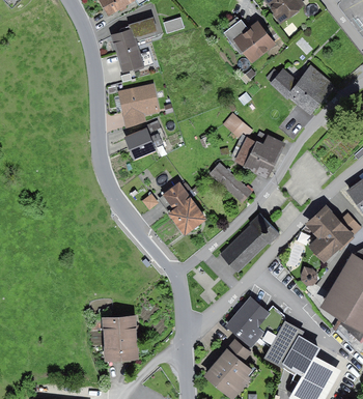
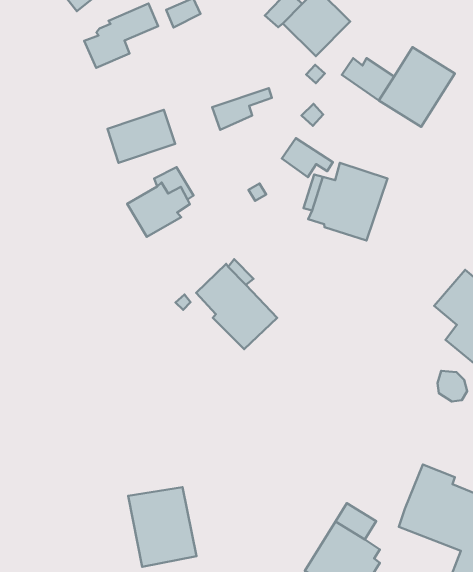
building: [115,46,152,73] -> none
building: [121,105,159,126] -> [212,88,272,130]
building: [208,162,254,202] -> none
building: [221,213,279,270] -> none
building: [225,296,284,347] -> none

